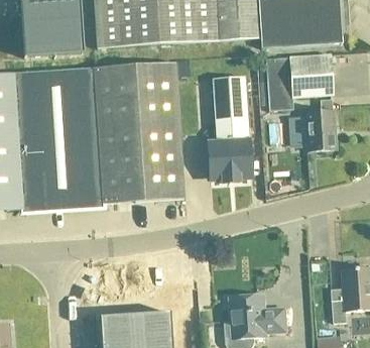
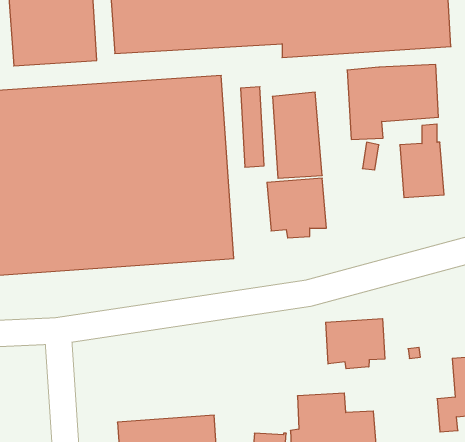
building: none -> [326,319,385,369]

